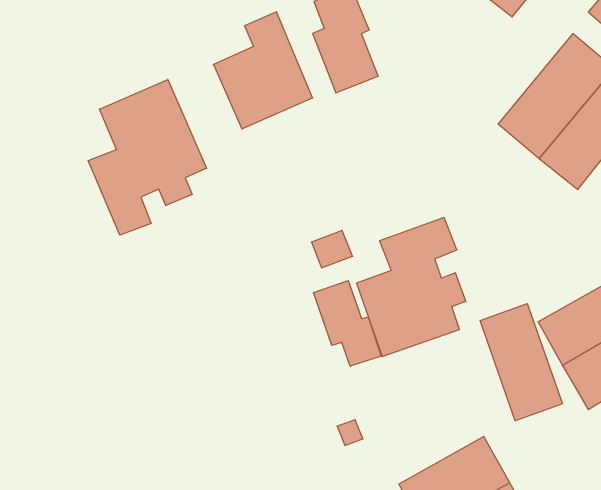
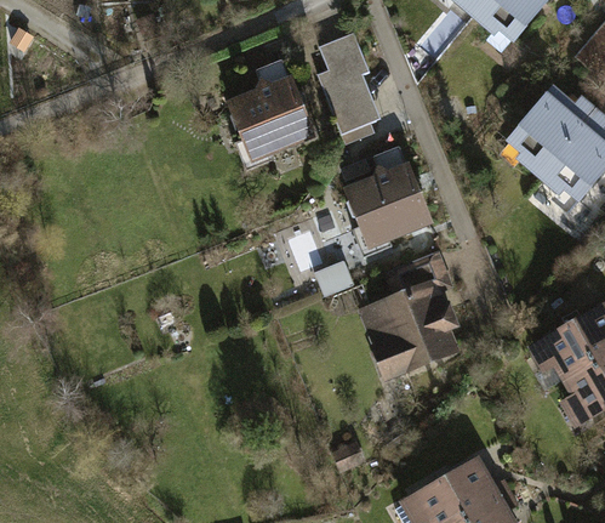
building: [88,79,207,235] -> none
building: none -> [342,143,433,249]
building: [313,281,381,366] -> none
building: [480,304,562,421] -> none

